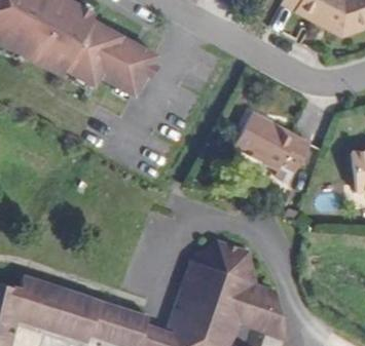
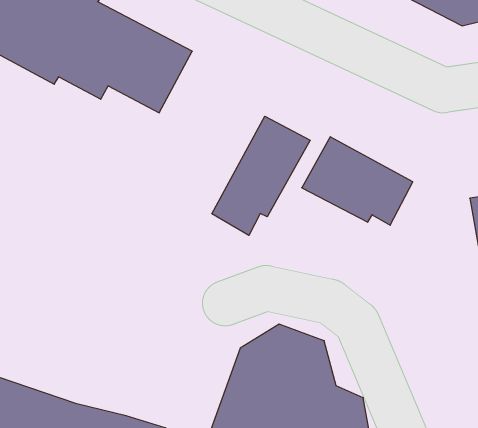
building: none -> [212,116,310,235]

